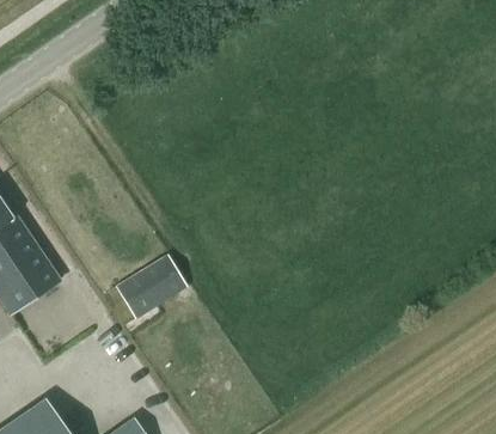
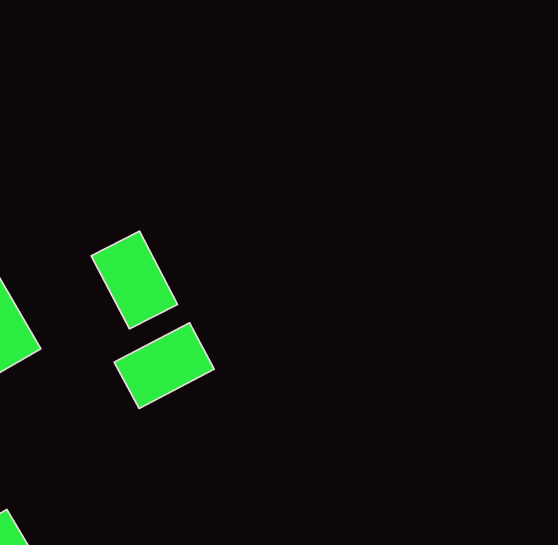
building: none -> [91,231,178,329]

